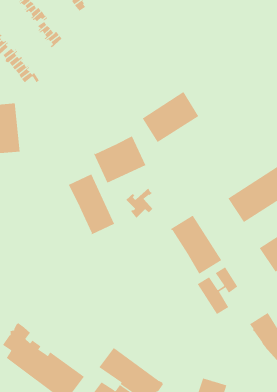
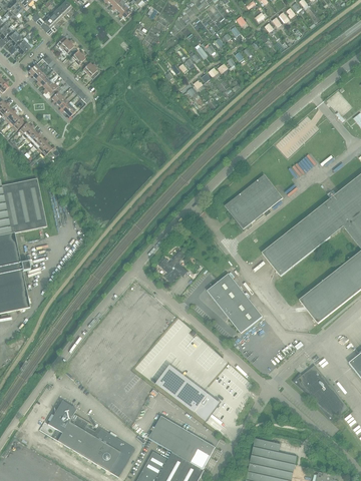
building: [142,91,199,143] -> [224,173,282,228]
building: [93,135,146,183] -> none
building: [68,174,115,235] -> none
building: none -> [155,365,219,421]

